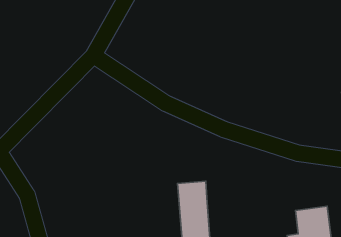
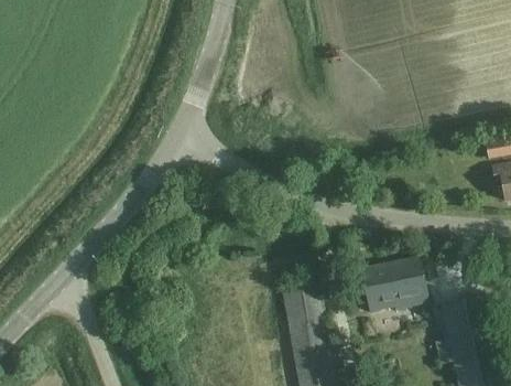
building: none -> [361,258,427,311]

